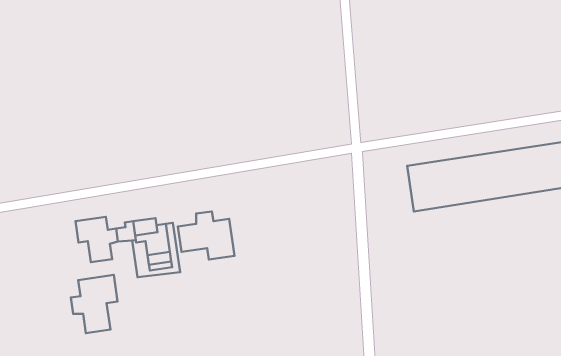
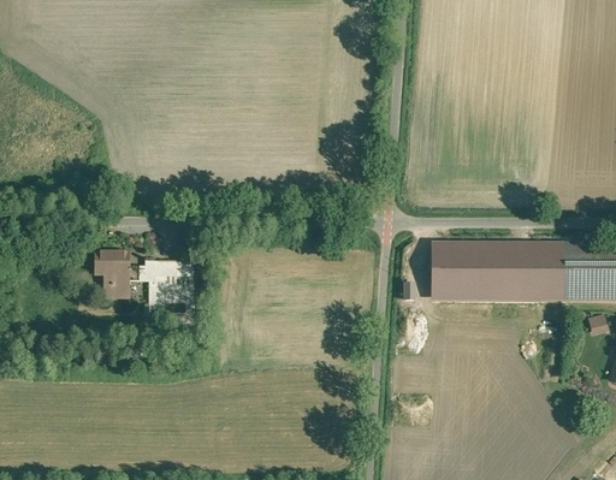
building: [178,211,234,260] -> none
building: [71,275,118,333] -> none

